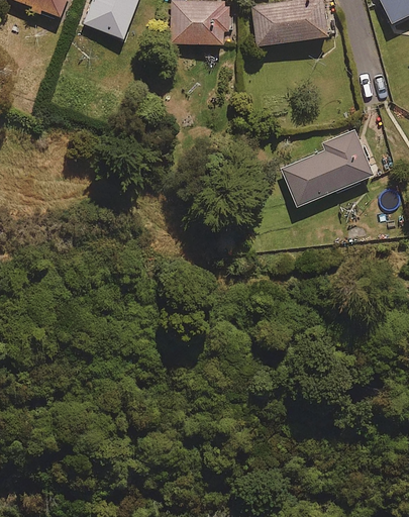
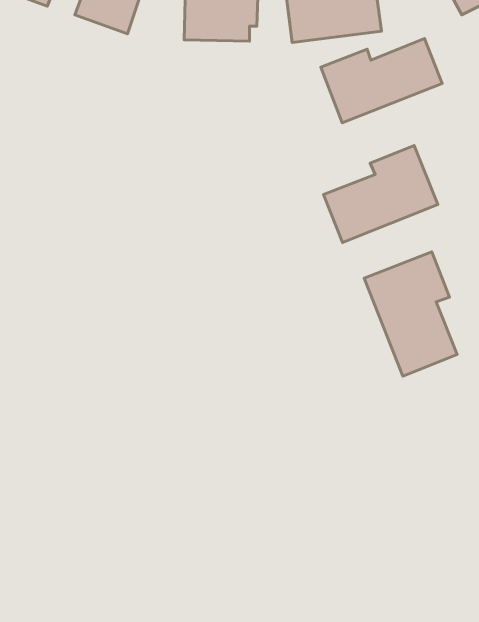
building: none -> [321,39,442,123]
building: none -> [364,252,457,376]

